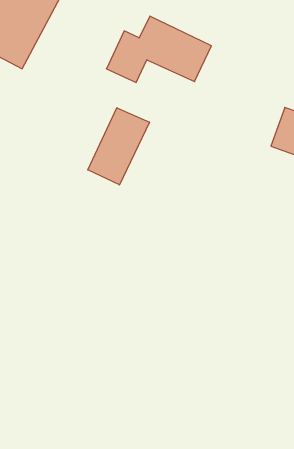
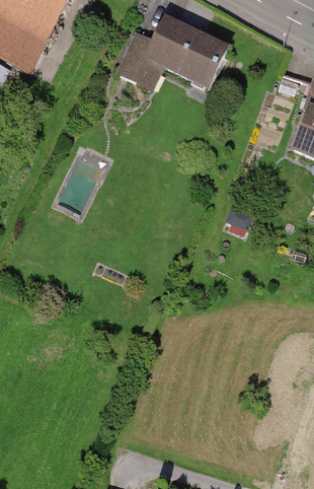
building: [88,108,149,185] -> none

